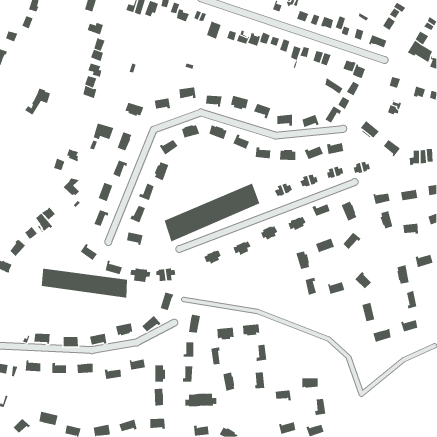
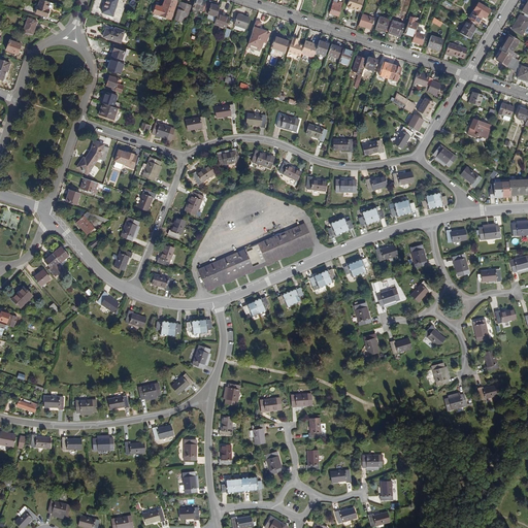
building: [24,88,51,115] -> [74,141,106,174]
building: [41,268,128,298] -> none

